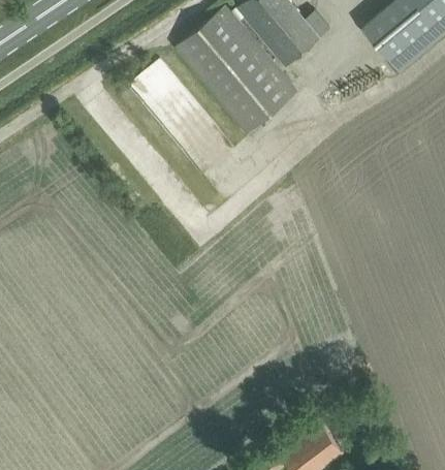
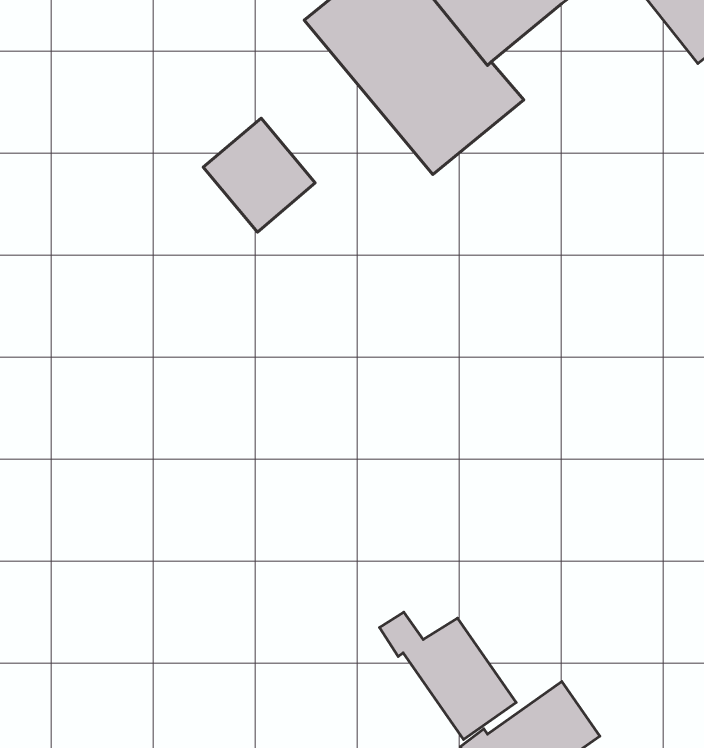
building: none -> [203,118,315,232]
building: none -> [379,612,516,740]

